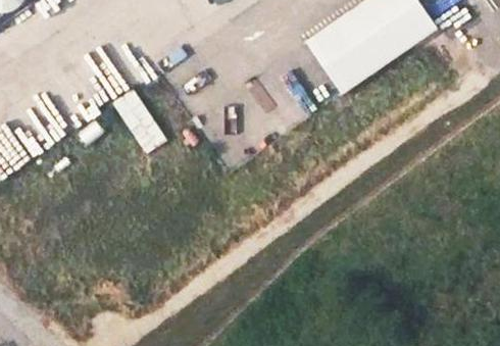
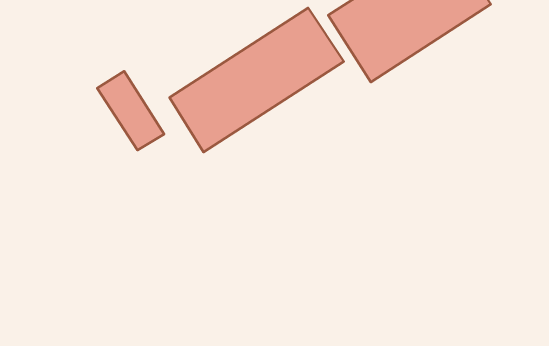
building: none -> [170,8,344,152]

